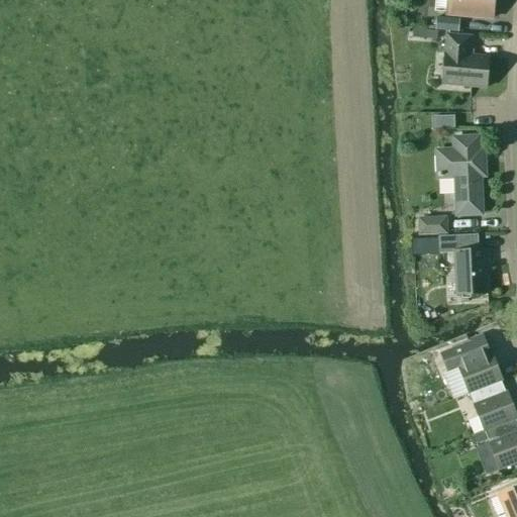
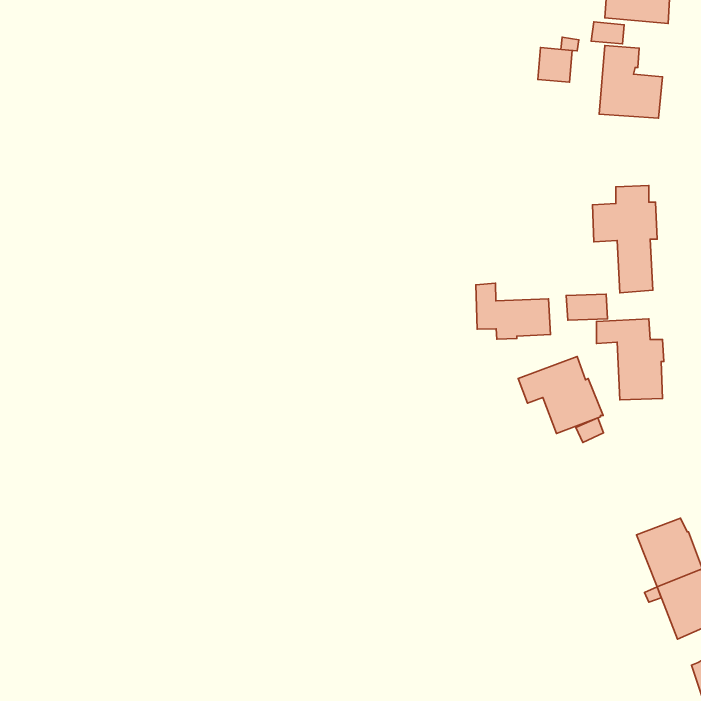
building: none -> [538,48,572,82]
building: none -> [476,283,550,339]
building: [440,336,503,393] -> [518,356,603,433]

